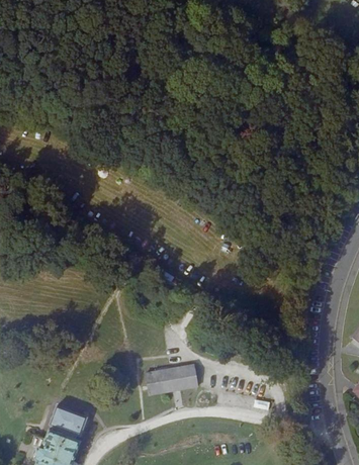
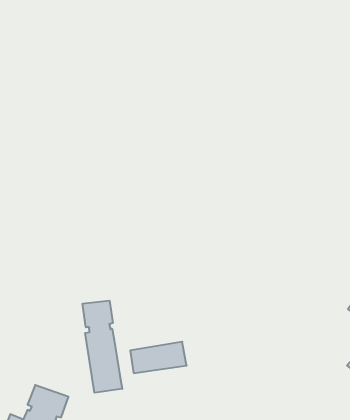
building: none -> [83,301,122,393]

